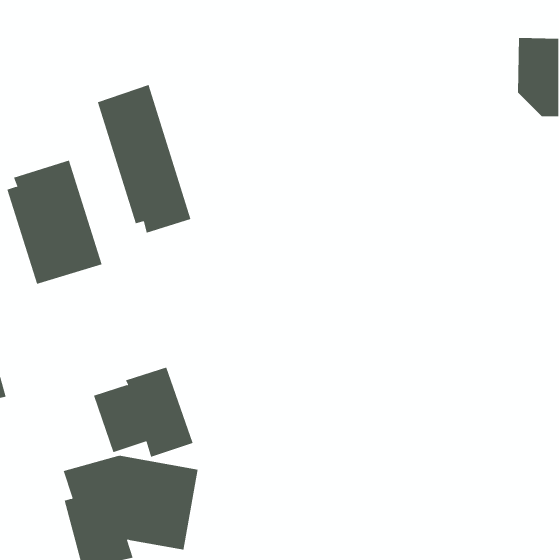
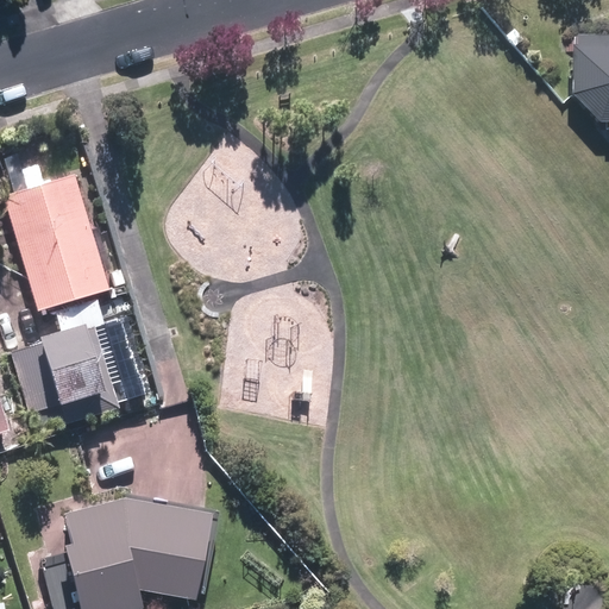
building: [97,84,191,234] -> none
building: [93,367,193,457] -> [8,321,117,419]

